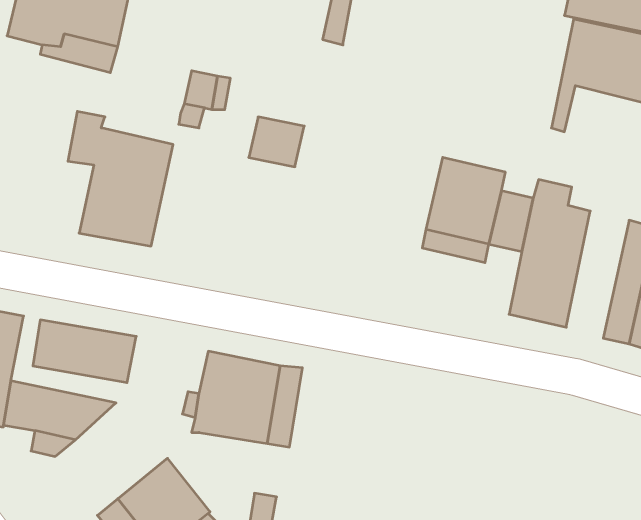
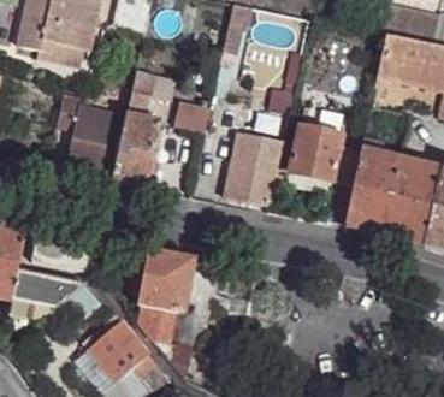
building: none -> [112,112,161,189]
building: none -> [227,135,283,206]
building: none -> [383,159,424,242]
building: none -> [140,303,179,342]

